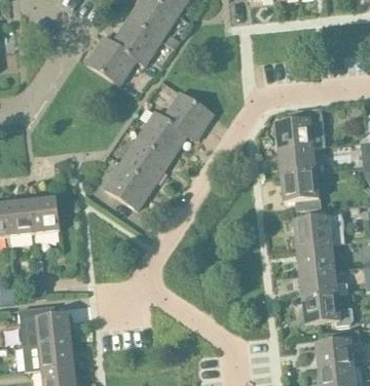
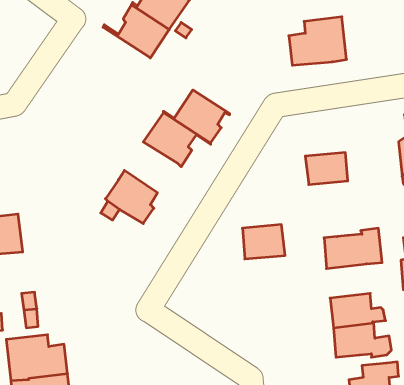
building: [85,38,143,83] -> none
building: [274,108,325,150] -> [289,17,347,65]
building: [120,138,166,184] -> none
building: [281,171,318,201] -> [242,225,285,259]
building: [28,197,59,233] -> none
building: [296,243,334,273] -> none

